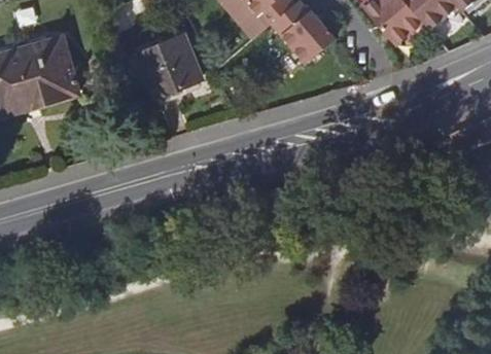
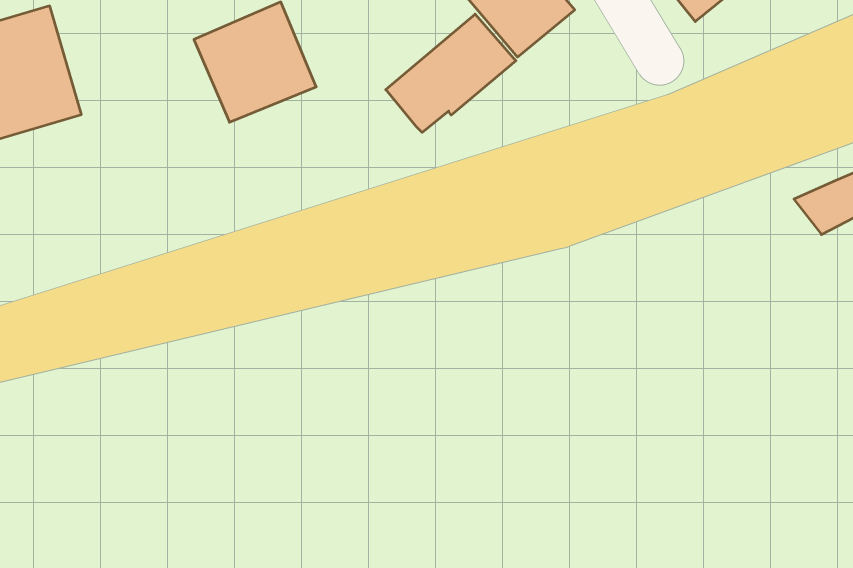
building: none -> [386,14,516,132]

